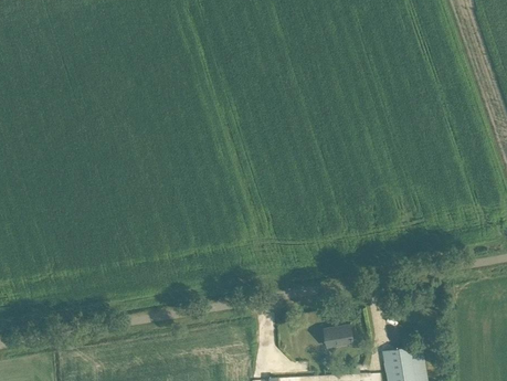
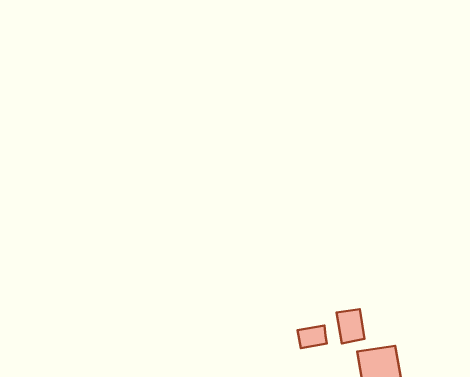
building: none -> [337,309,365,344]

